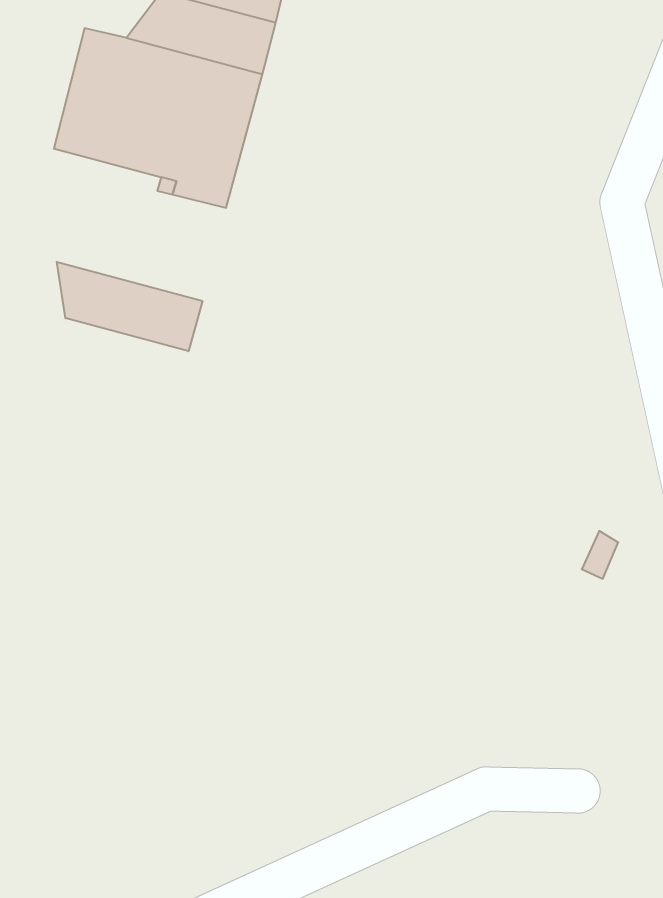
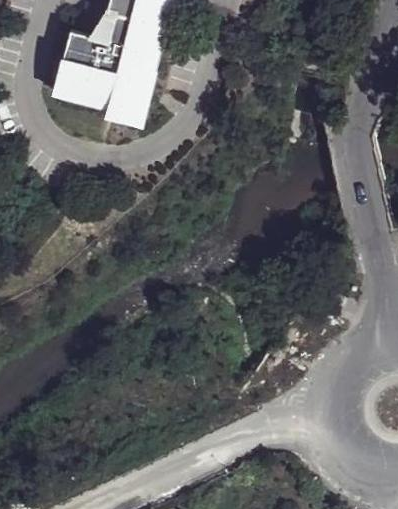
building: [57,262,202,351] -> none

